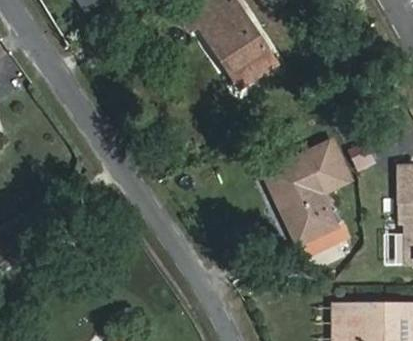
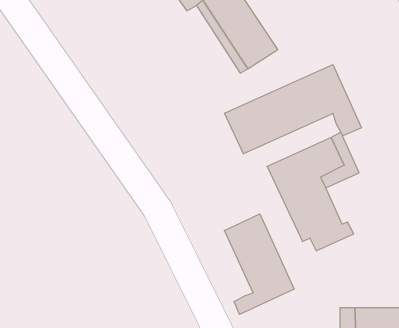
building: none -> [225,65,362,154]
building: none -> [224,214,294,314]

